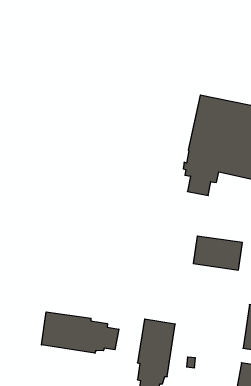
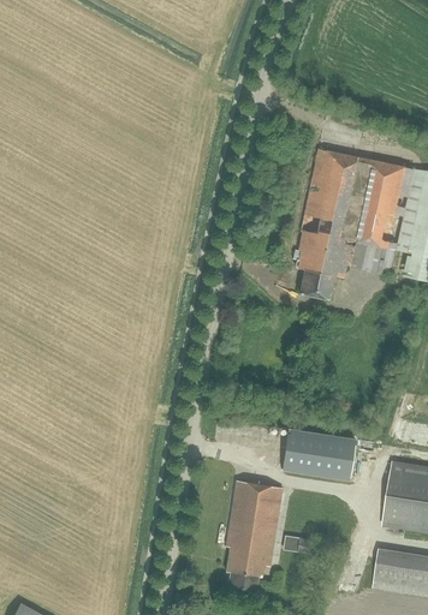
building: [193,236,242,270] -> [281,429,355,479]
building: [41,312,119,353] -> none

